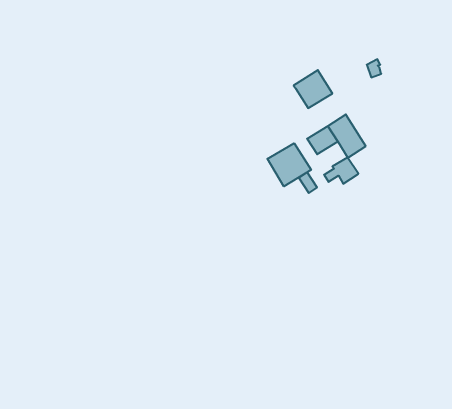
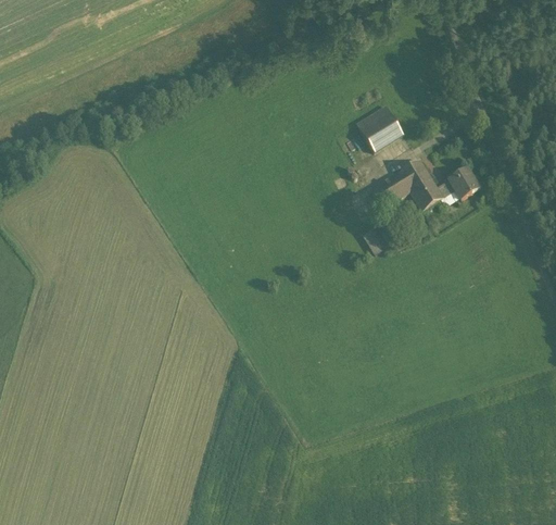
building: [267,143,311,186] -> none
building: [324,158,358,184] -> [439,166,480,198]

